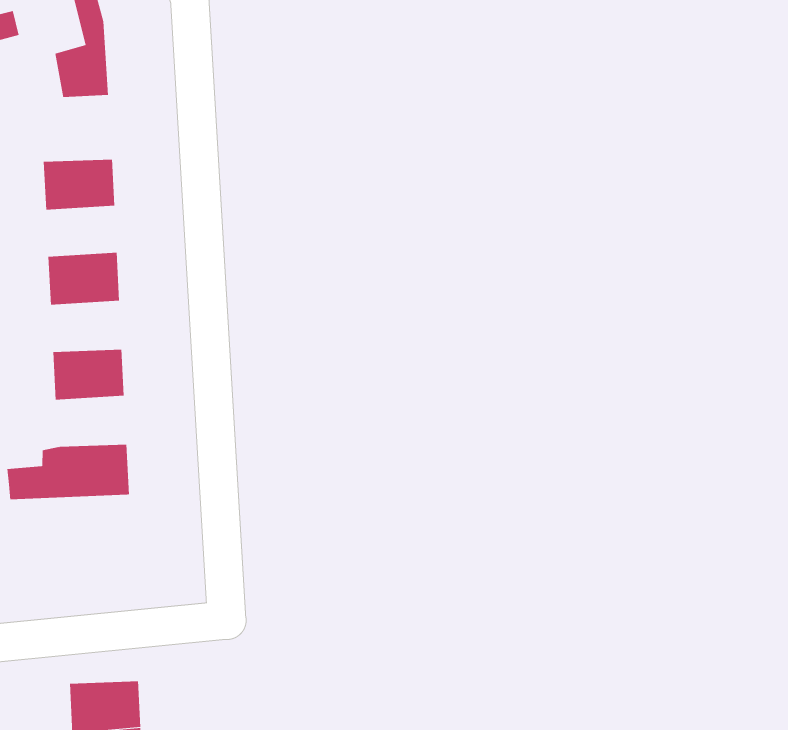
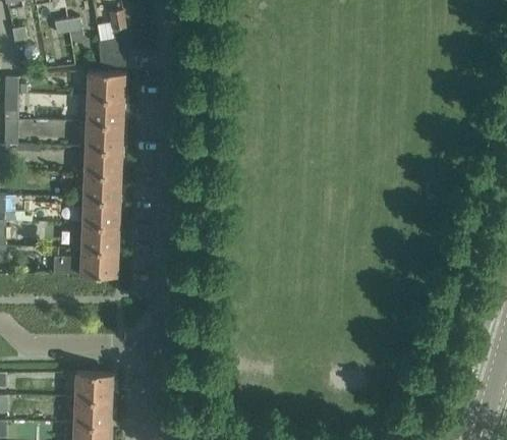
building: none -> [87,71,124,100]
building: none -> [84,123,122,149]
building: none -> [82,173,120,200]
building: none -> [68,223,118,250]

